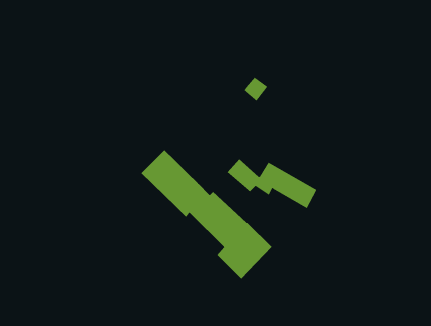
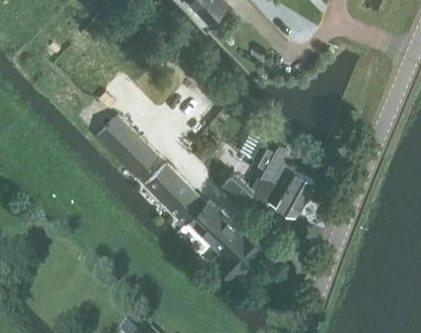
building: none -> [95,117,158,179]
building: none -> [250,138,313,201]

